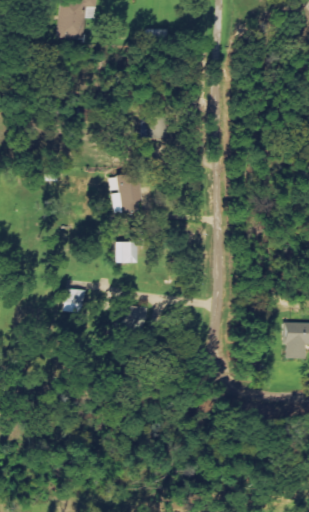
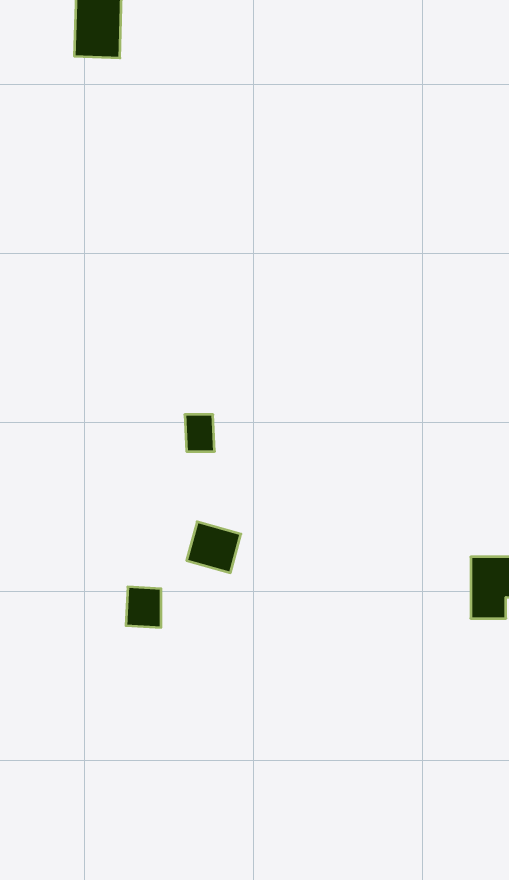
building: [116,173,142,214] -> none
building: [67,289,87,312] -> [126,587,161,627]

